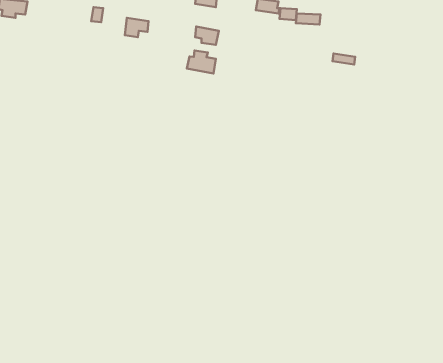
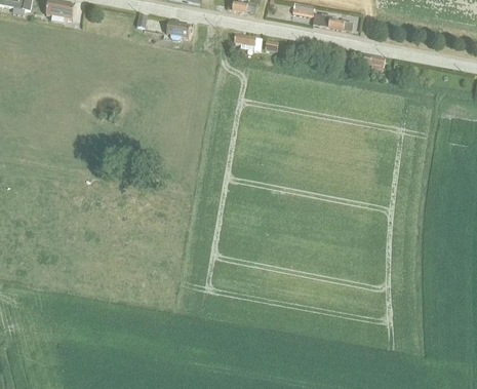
building: [187,51,216,74] -> none

